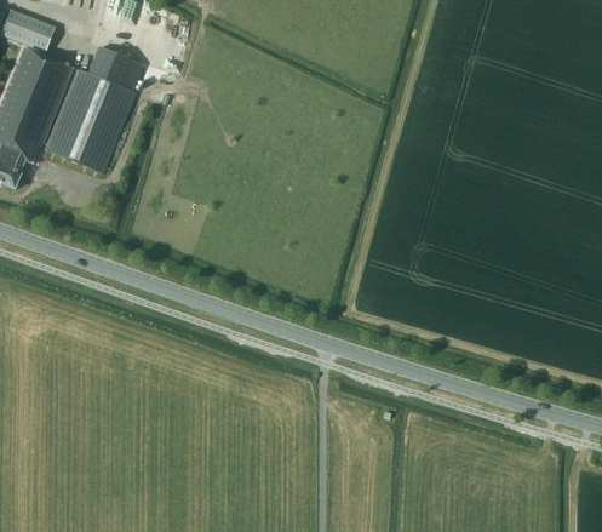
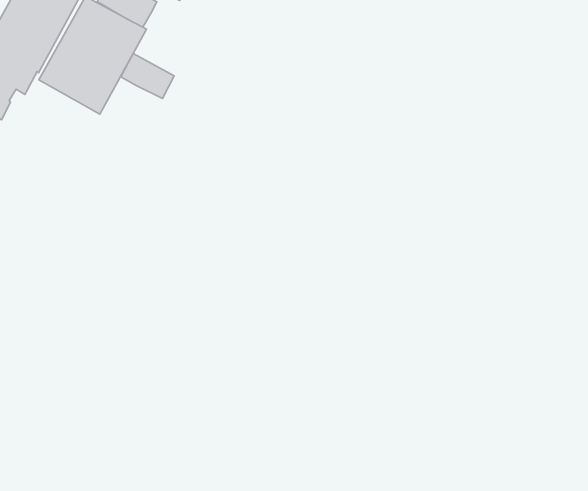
building: none -> [121,54,174,99]

